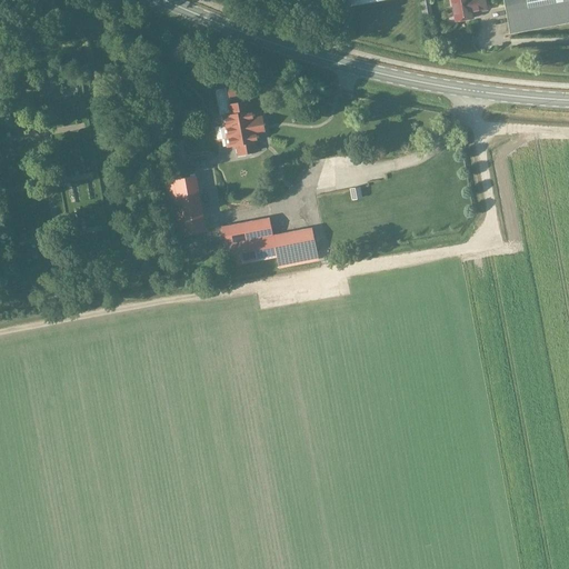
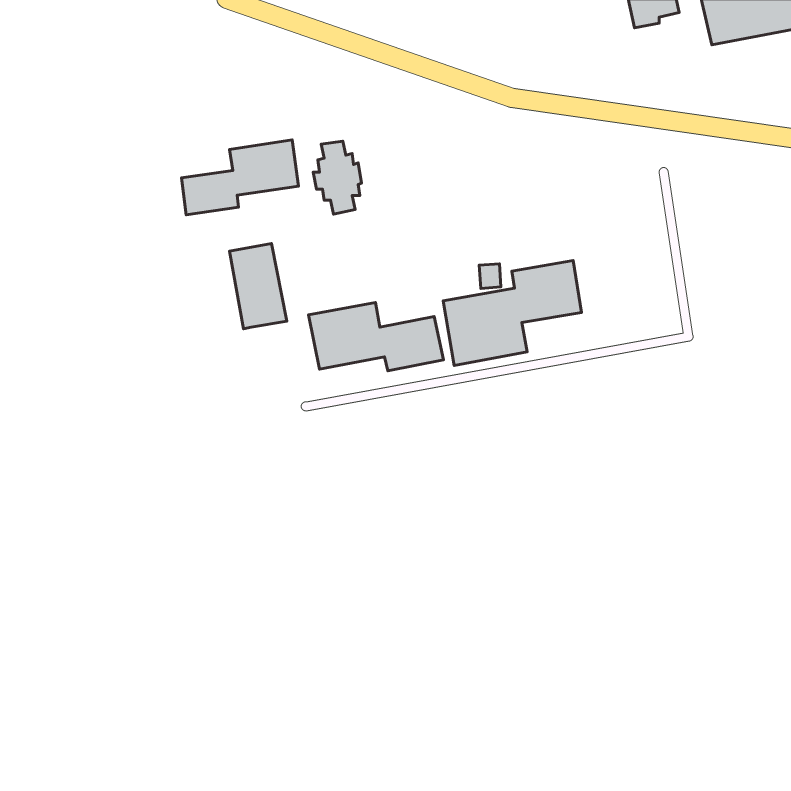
building: none -> [181,140,299,215]
building: none -> [443,260,582,366]

